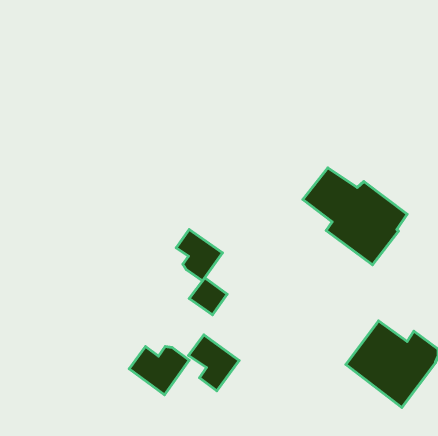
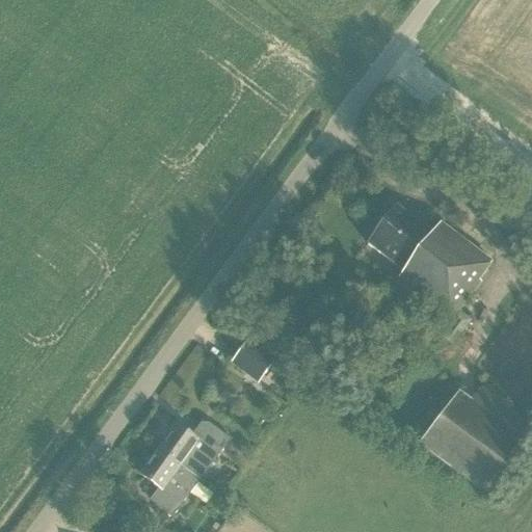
building: [176,229,223,281] -> none
building: [188,335,239,391] -> [137,446,198,513]

